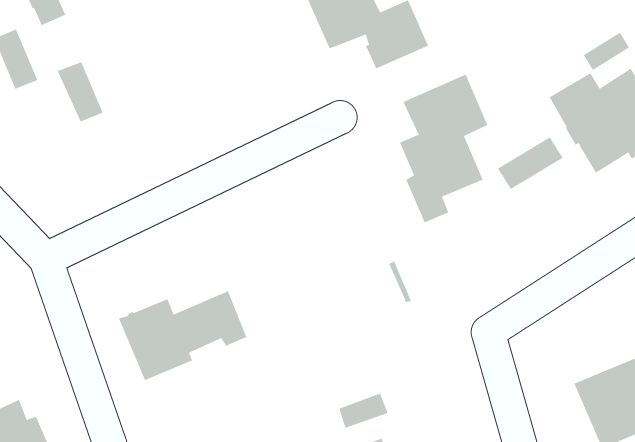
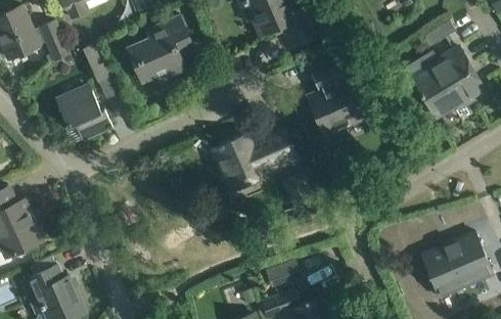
building: none -> [126,17,190,82]
building: none -> [54,85,111,143]
building: [497,137,564,190] -> none
building: [118,291,247,381] -> [212,131,297,190]

